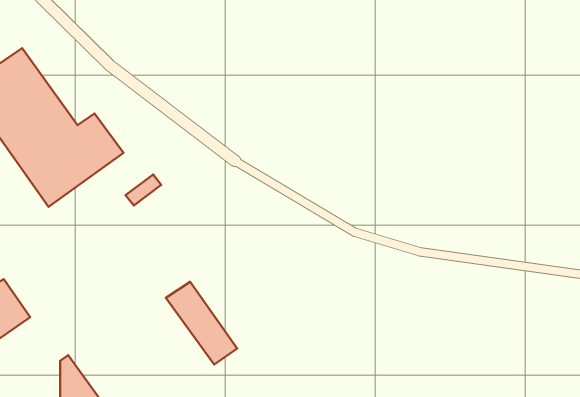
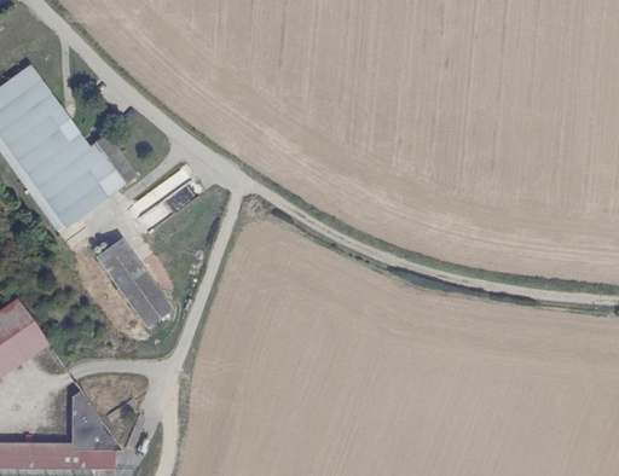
building: [166,282,237,365] -> [96,237,170,324]

